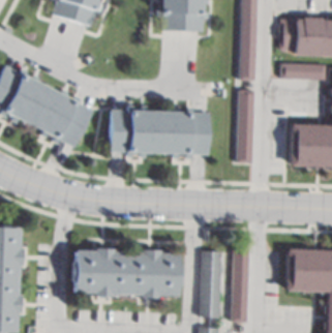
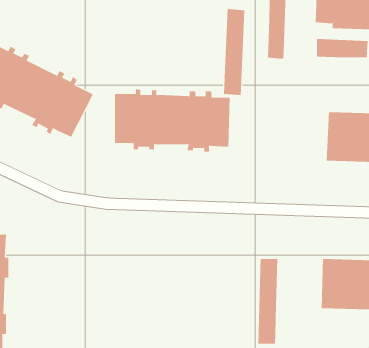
building: [237,90,255,163] -> [223,9,245,95]
building: [73,248,183,298] -> none
building: [200,251,222,319] -> none

